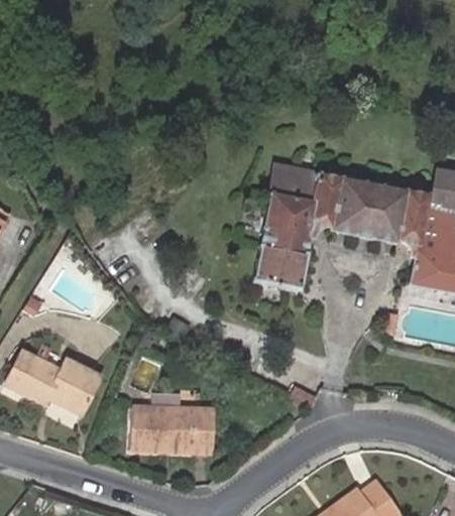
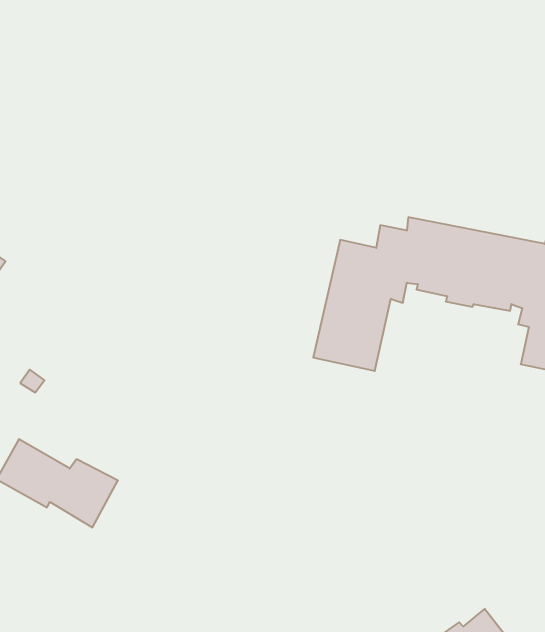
building: [271,167,323,200] -> none
building: [136,406,213,453] -> none

